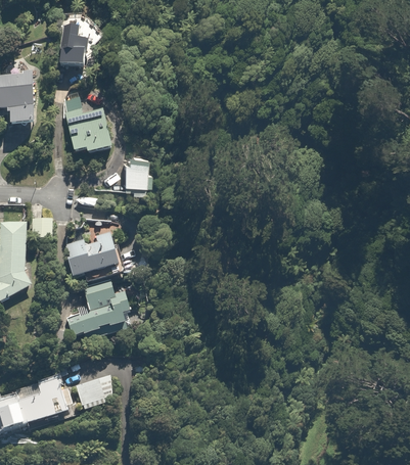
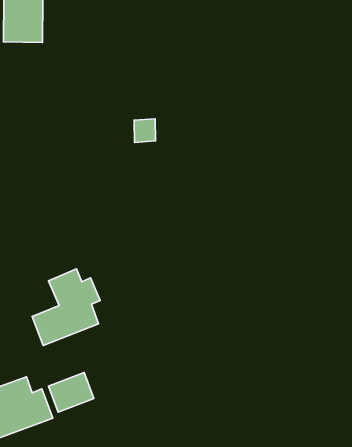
building: [65,103,112,153] -> none
building: [121,161,141,182] -> [134,119,156,142]
building: [65,230,117,275] -> none

